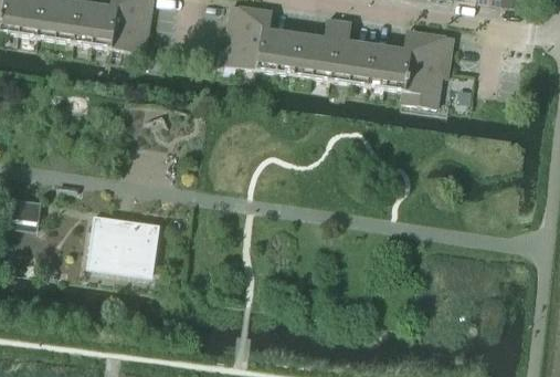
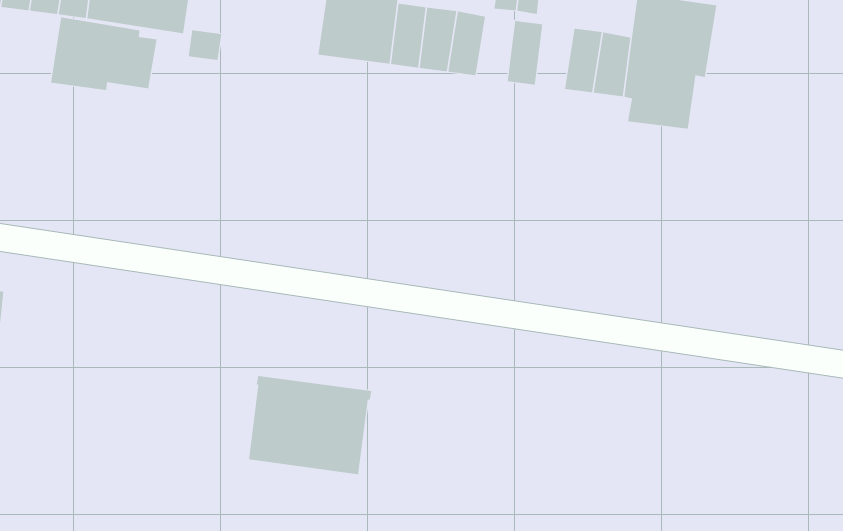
building: none -> [50,15,157,91]
building: [314,42,336,80] -> none
building: [348,46,370,84] -> none
building: [88,216,160,273] -> [248,375,372,475]

